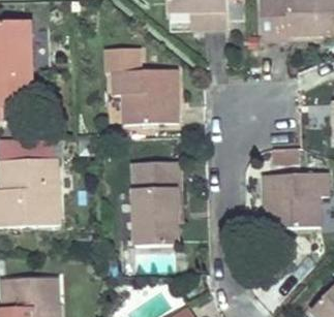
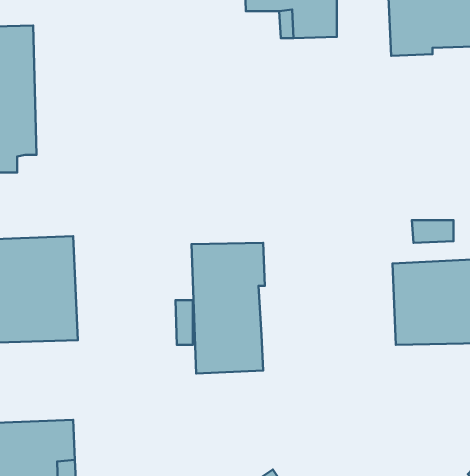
building: [105,46,178,123] -> none

